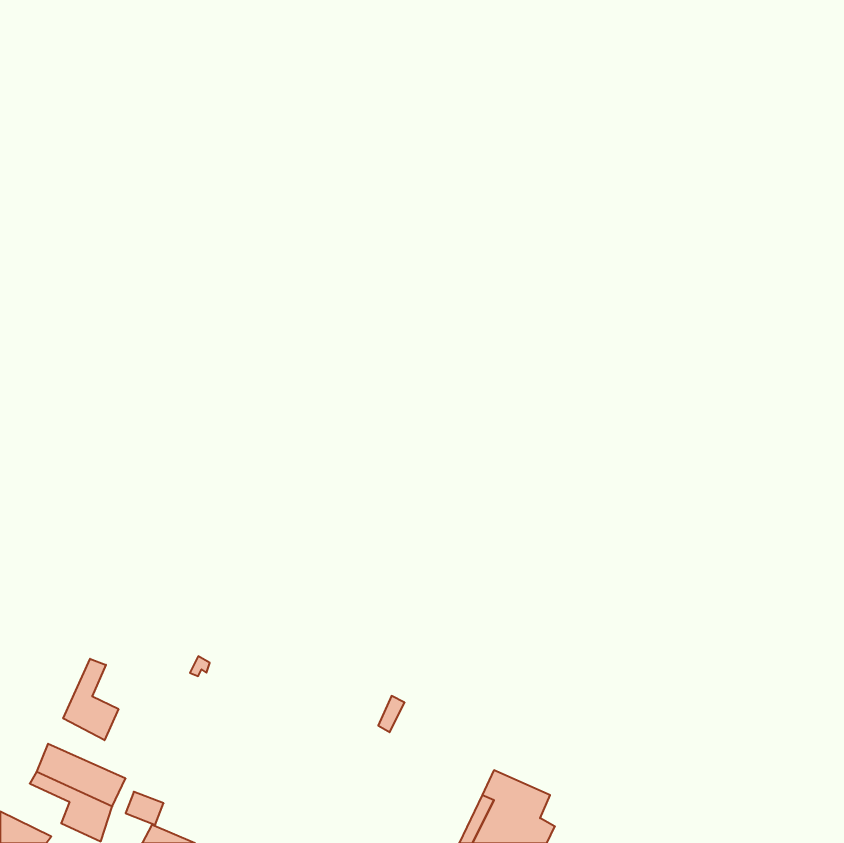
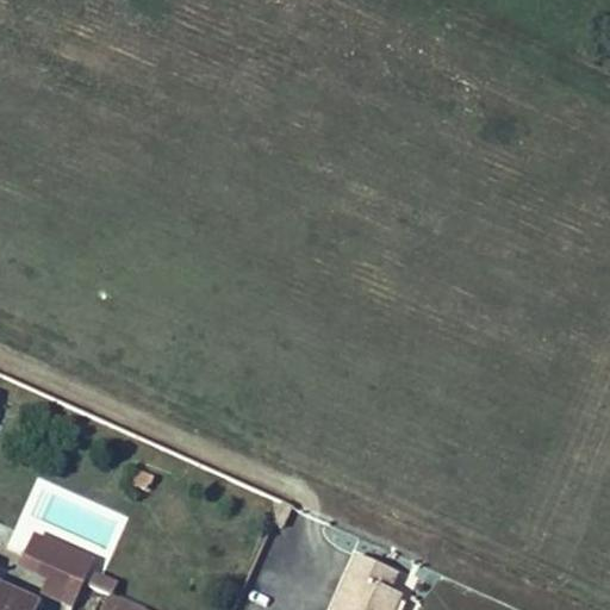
building: [63,659,118,740] -> none

